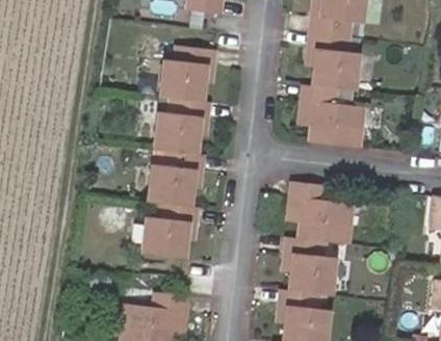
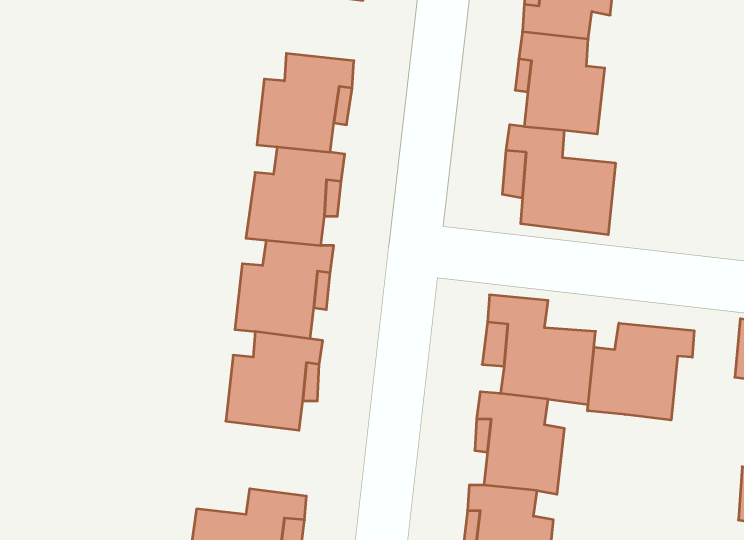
building: none -> [588,323,694,420]

